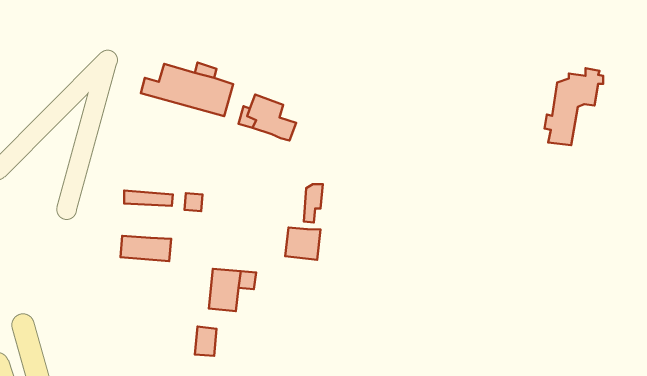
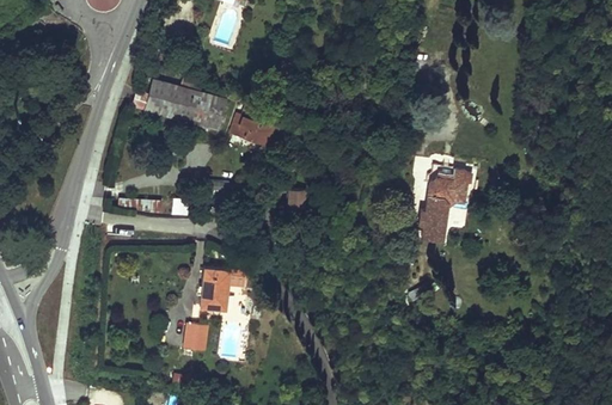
building: [544,68,603,145] -> [417,168,472,240]
building: [285,227,321,260] -> none
building: [121,236,171,261] -> none

